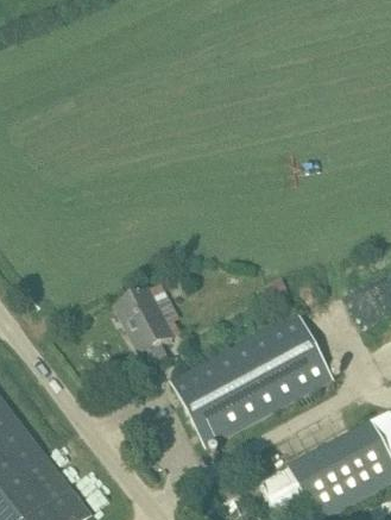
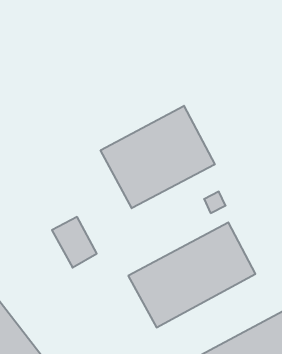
building: none -> [101,106,215,208]
building: [116,288,174,352] -> [52,217,97,268]

